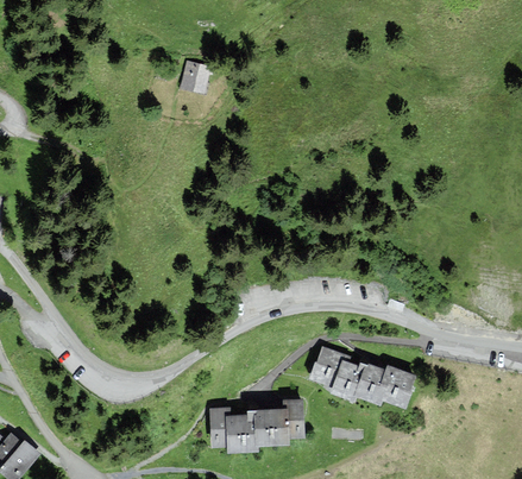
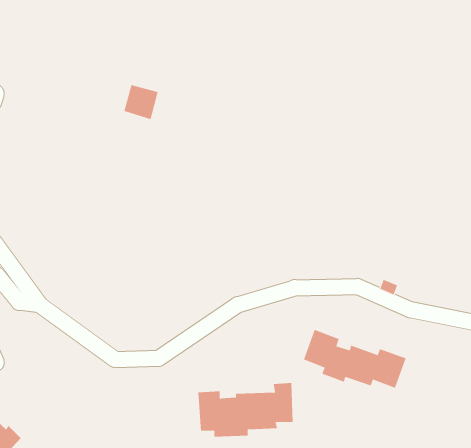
building: [180,63,214,97] -> [123,84,159,120]

